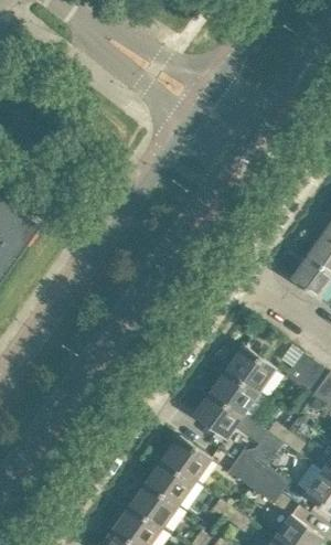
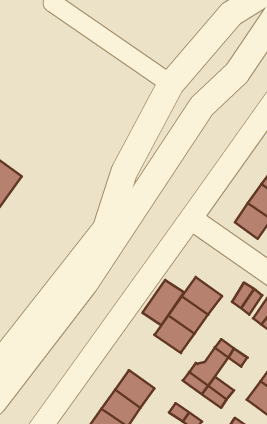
building: none -> [143,280,184,325]
building: [162,436,210,481] -> none

